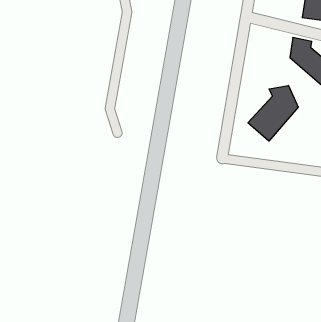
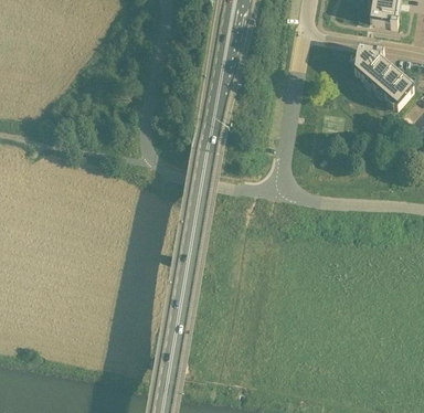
building: [248,85,298,141] -> none

